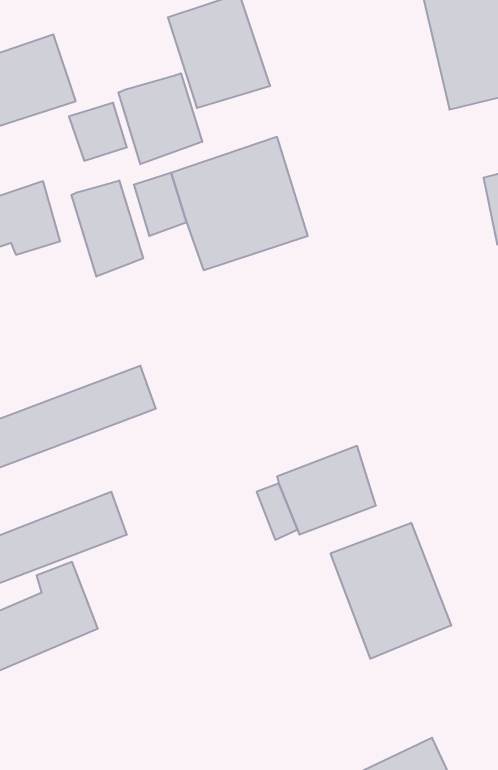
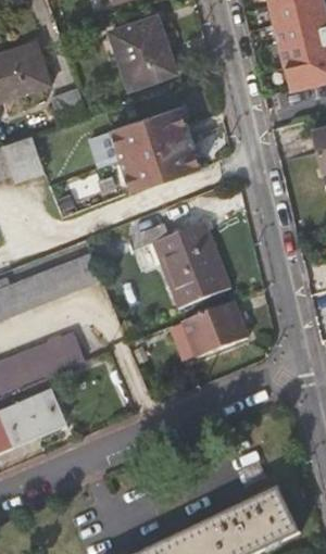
building: [118,73,202,164] -> none
building: [71,180,143,277] -> none
building: none -> [139,222,231,309]
building: [331,523,451,659] -> none

